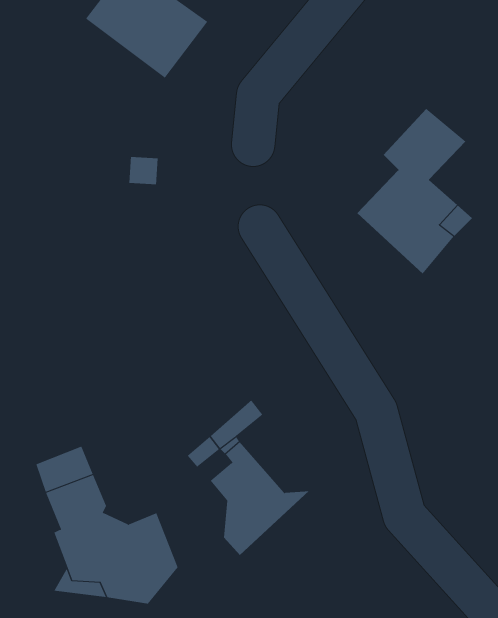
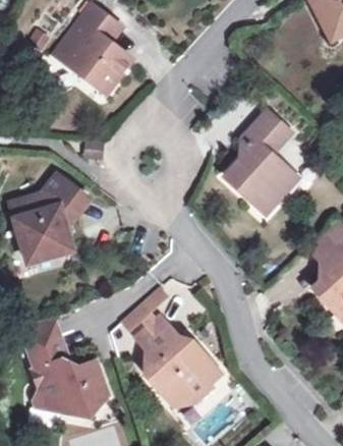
building: none -> [11,174,88,262]
building: none -> [152,345,220,407]

